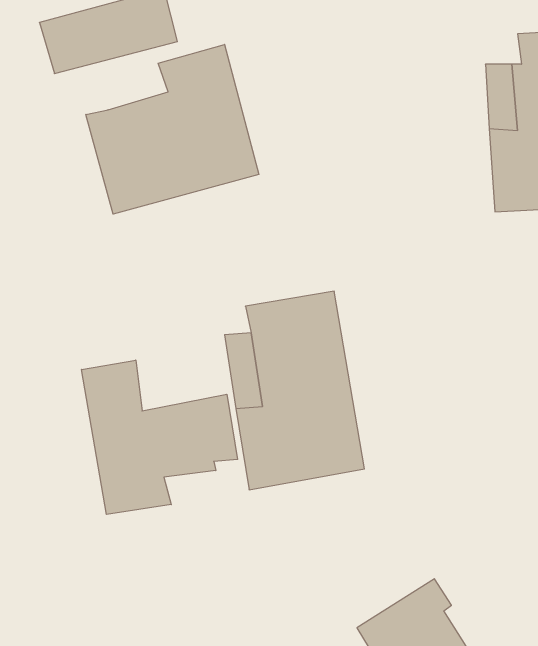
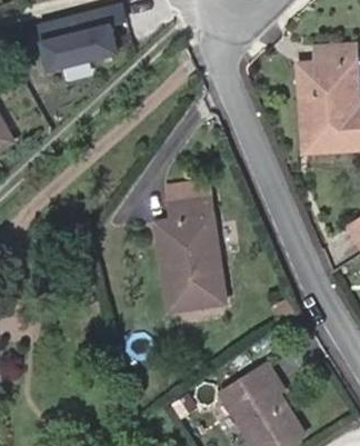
building: [86,44,259,214] -> none
building: [82,360,238,514] -> none

